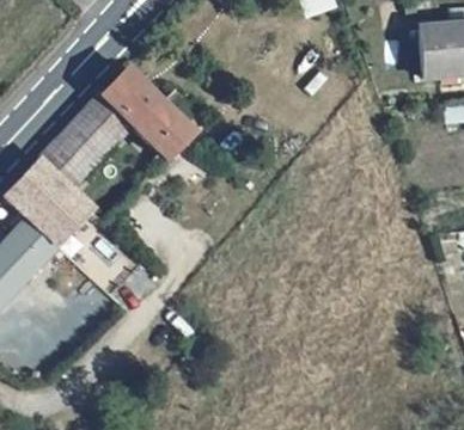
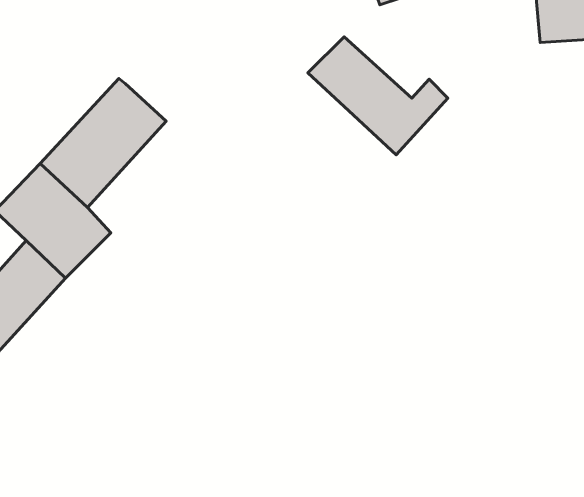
building: [105,69,212,159] -> [308,37,448,155]

